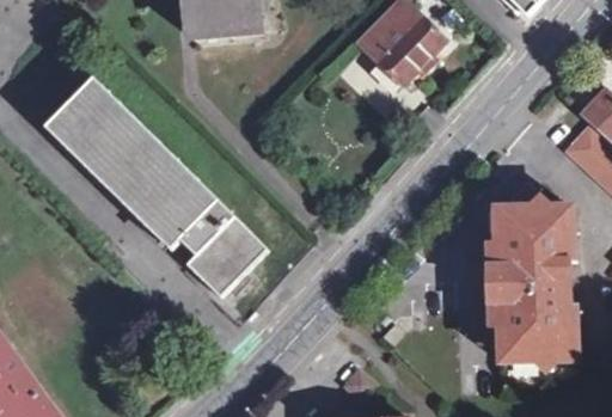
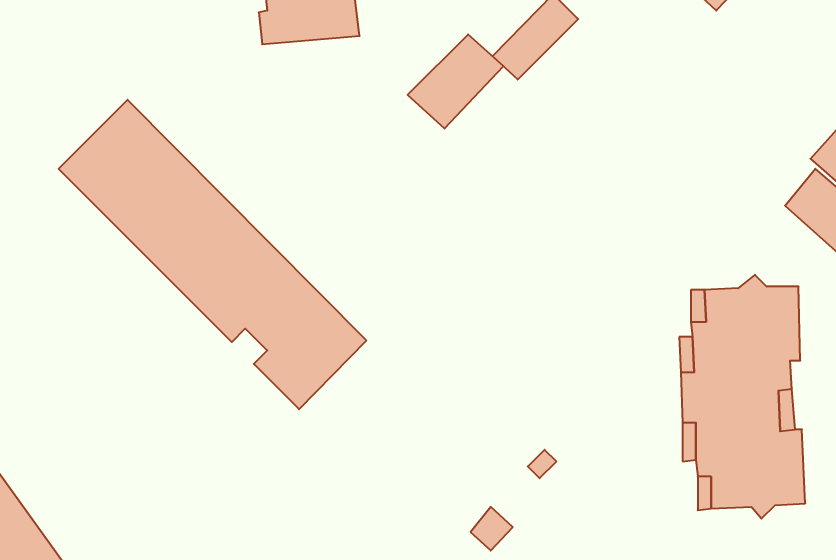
building: [374,19,442,86] -> [408,34,503,129]

